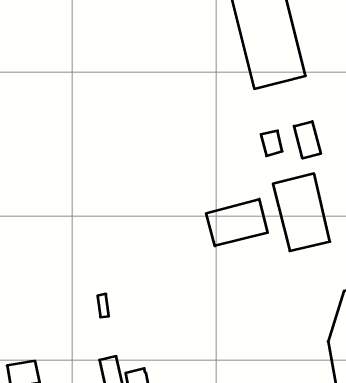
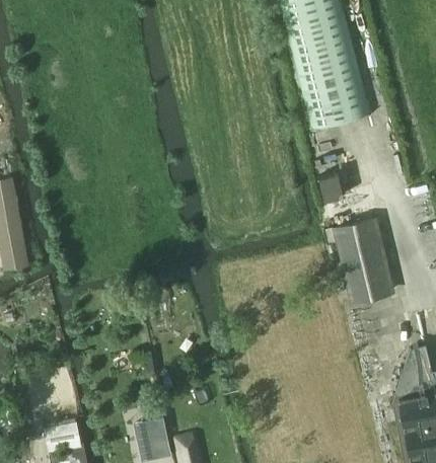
building: [294,121,321,158] -> none
building: [206,199,268,246] -> none

